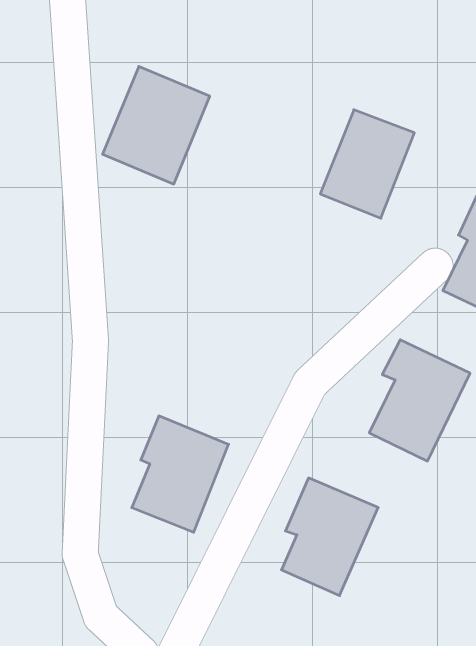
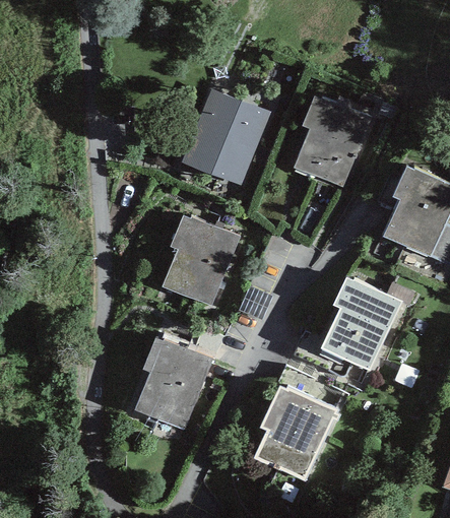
building: [103,66,210,184] -> [186,91,270,184]
building: none -> [164,213,242,306]

